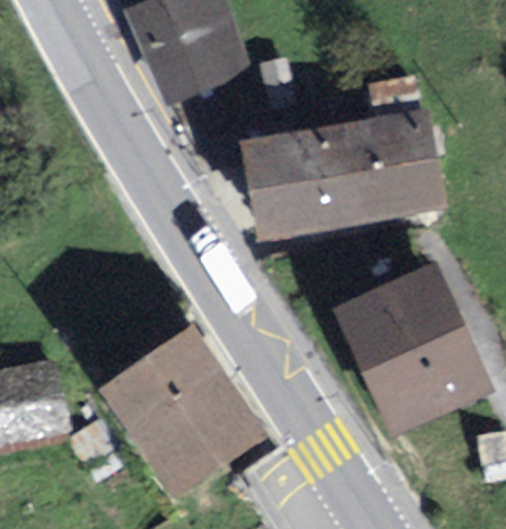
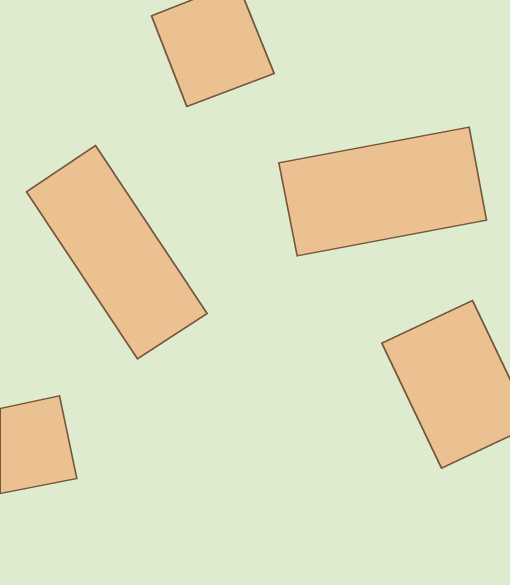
building: none -> [26,146,207,359]
building: [99,325,267,498] -> none

